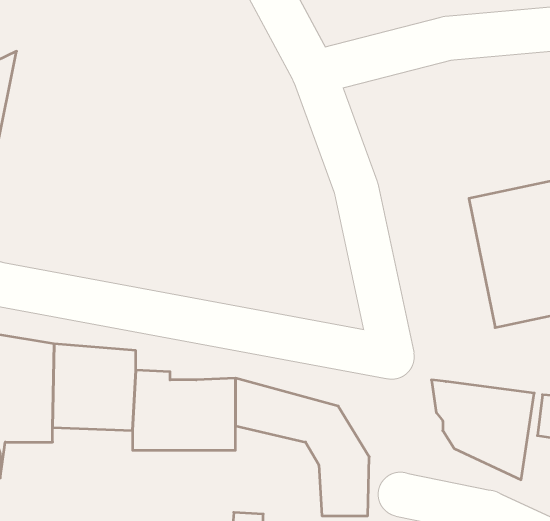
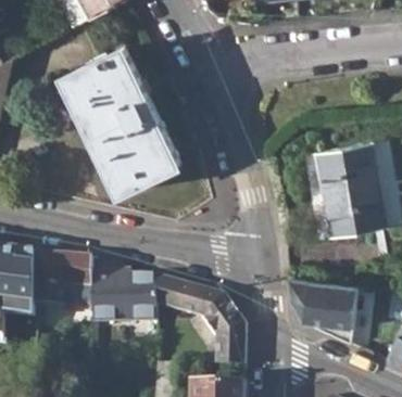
building: none -> [62,42,179,191]

